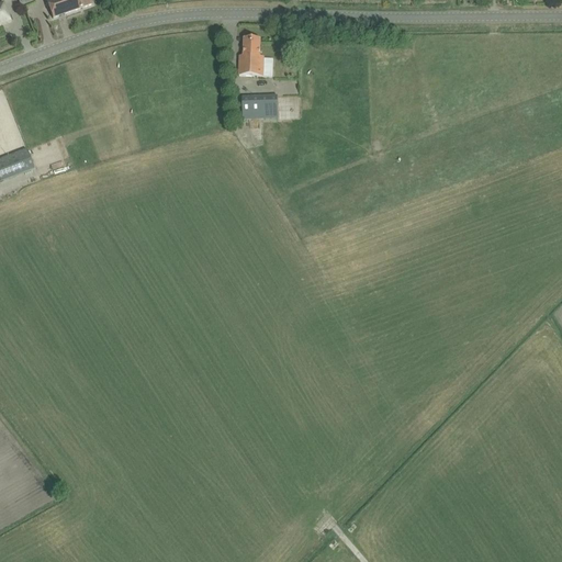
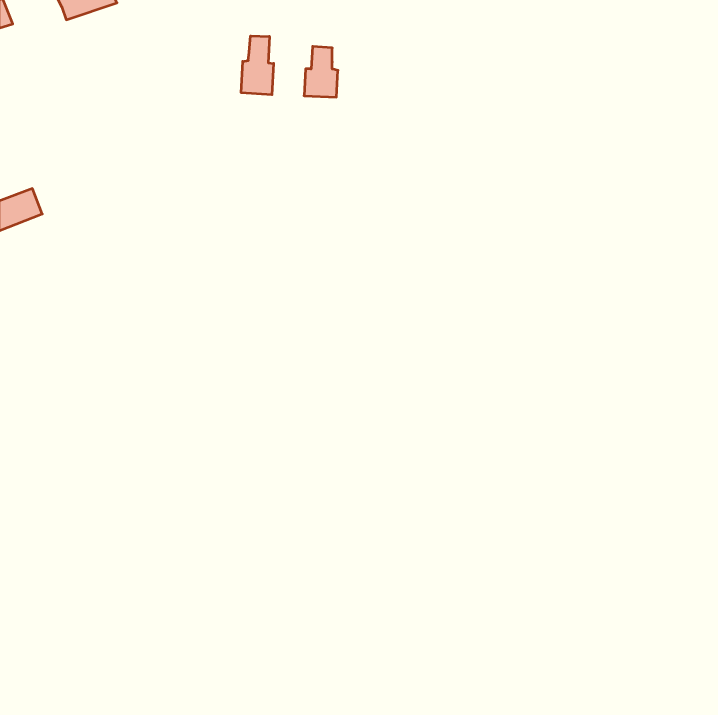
building: none -> [241,36,274,95]
building: [241,93,277,117] -> none

